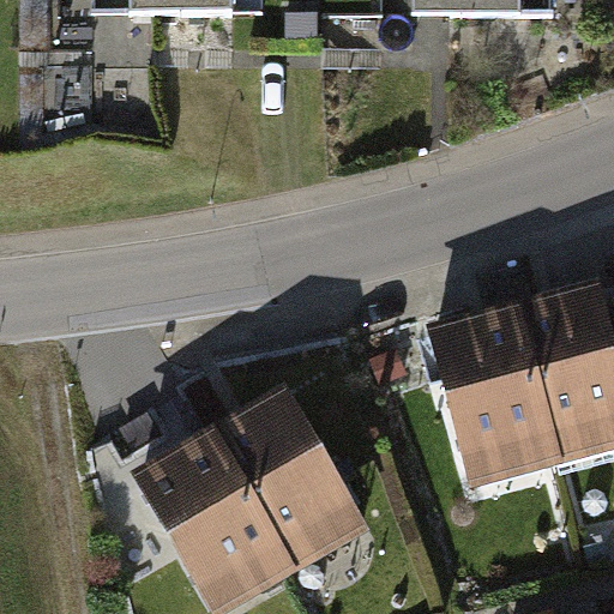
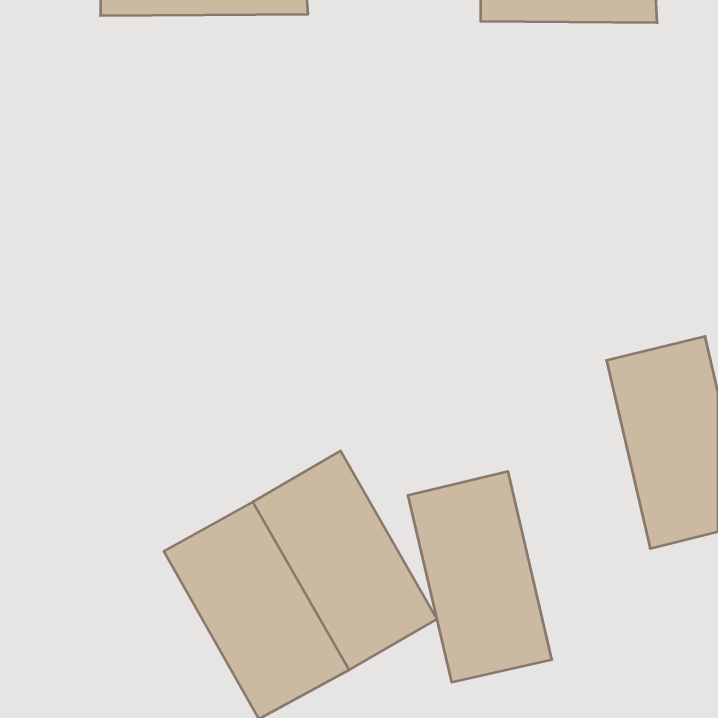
building: [429,306,552,484] -> [408,471,552,682]

